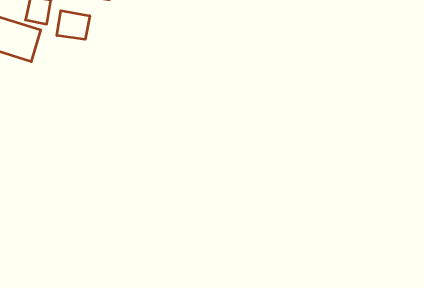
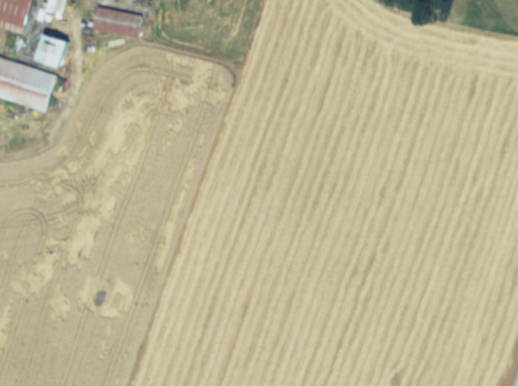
building: [57,11,90,39] -> none

